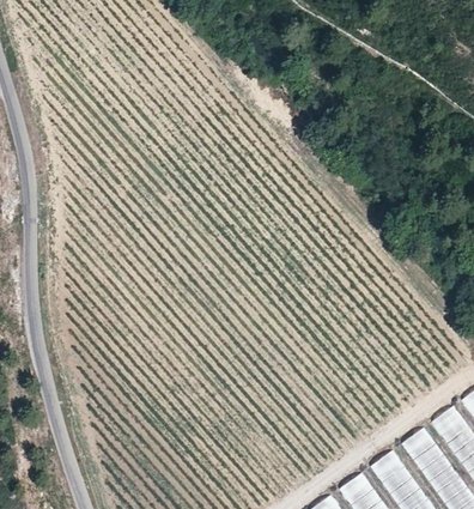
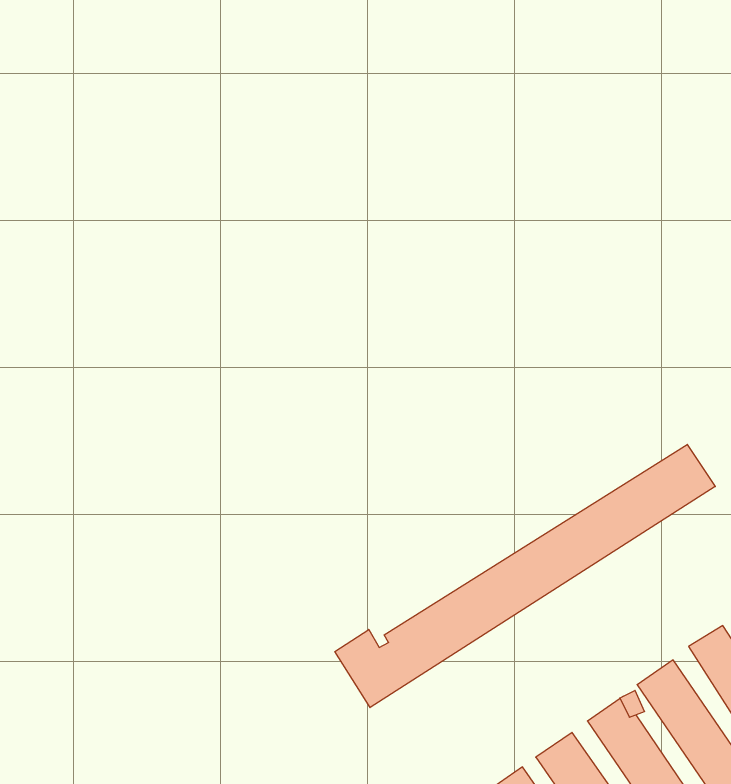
building: none -> [335,444,715,708]

